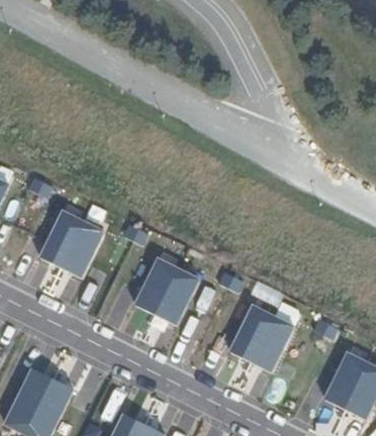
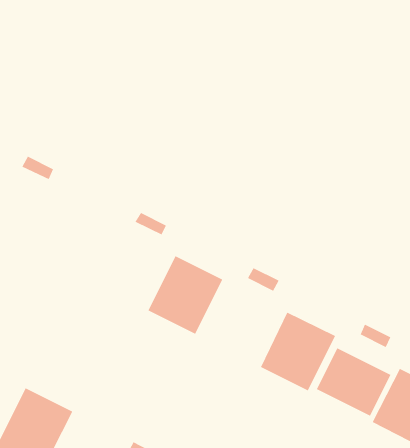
building: [39,209,103,276] -> none
building: none -> [316,348,391,417]

